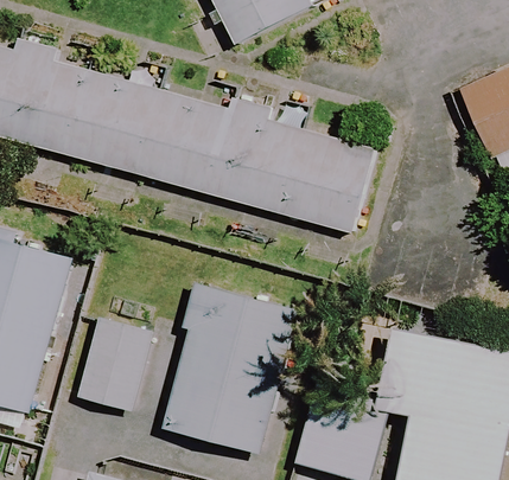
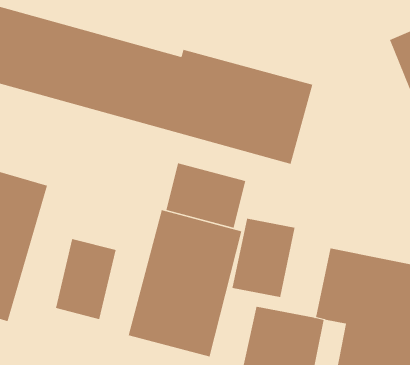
building: none -> [166,163,246,229]
building: none -> [232,218,295,298]

